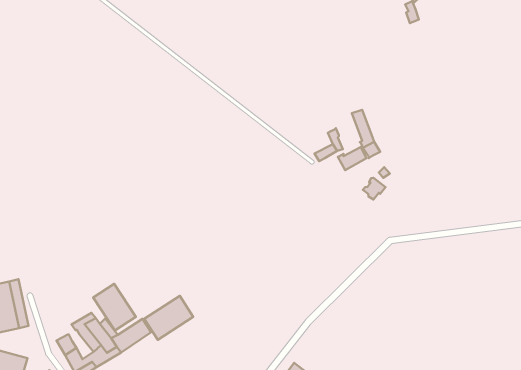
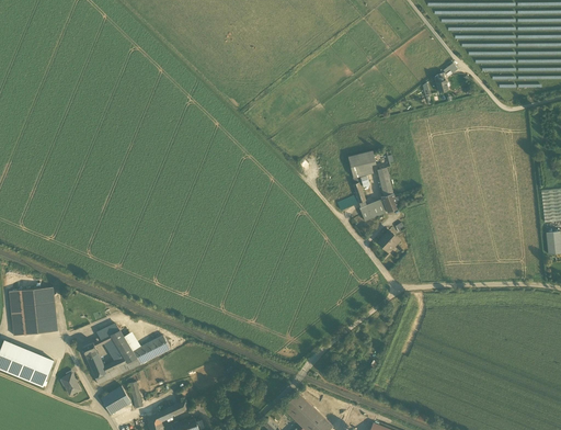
building: none -> [347,150,375,178]
building: [93,284,136,331] -> none
building: [144,296,193,340] -> none

